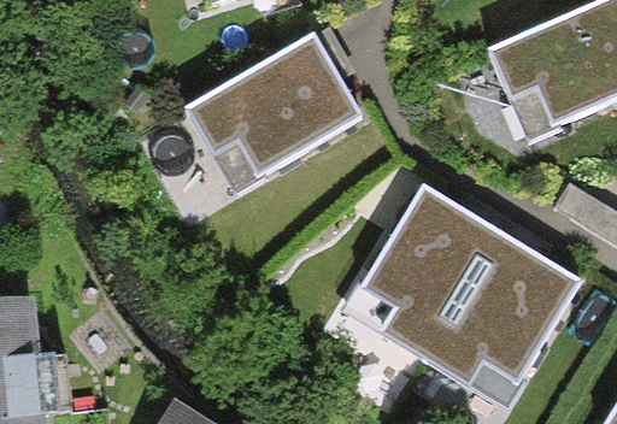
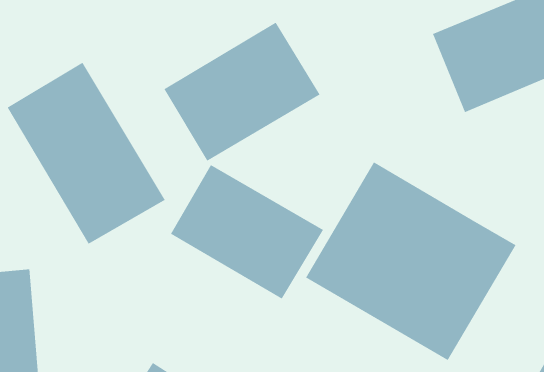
building: none -> [7,62,166,245]
building: none -> [170,164,324,299]

